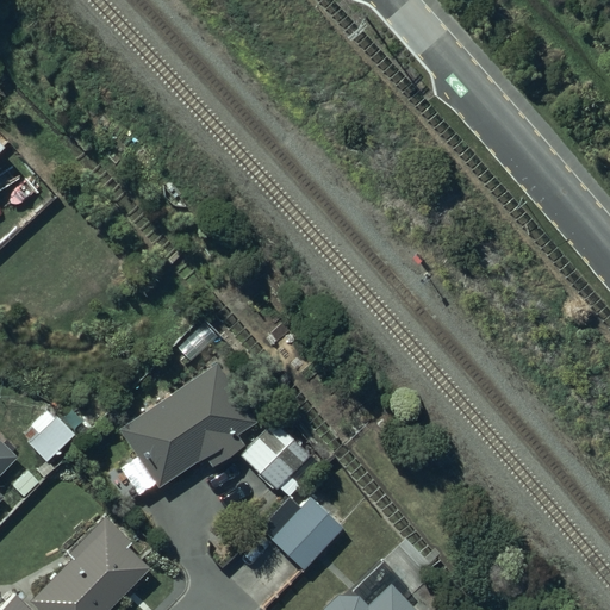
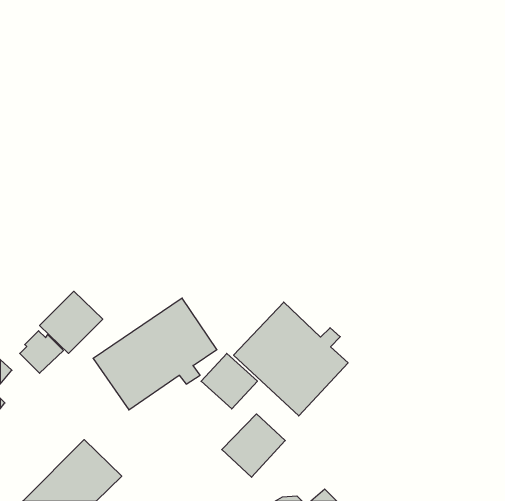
building: none -> [40,291,103,353]
building: none -> [234,302,348,416]

